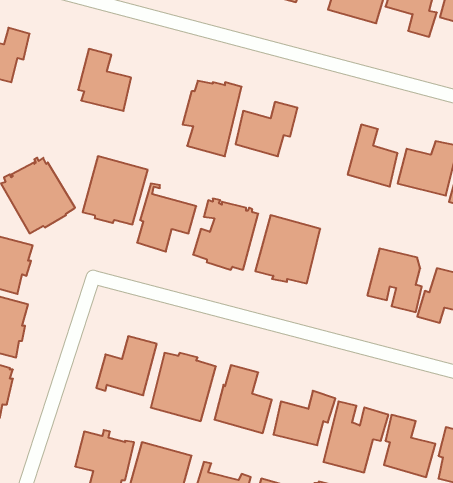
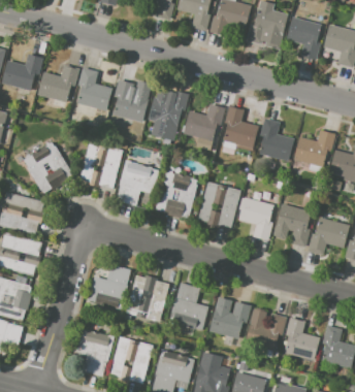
building: none -> [37,65,79,103]
building: none -> [114,79,153,123]
building: none -> [222,105,259,155]
building: none -> [239,193,276,239]

